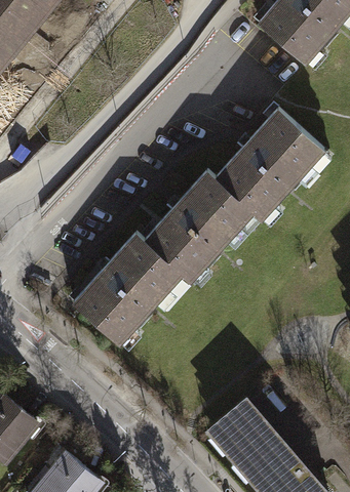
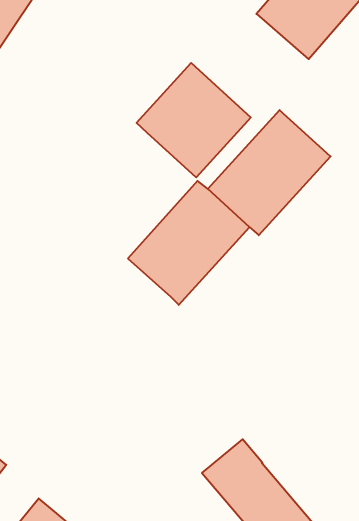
building: none -> [137,63,251,177]
building: [72,234,182,345] -> none

